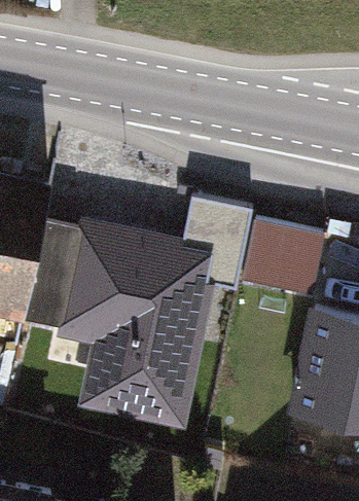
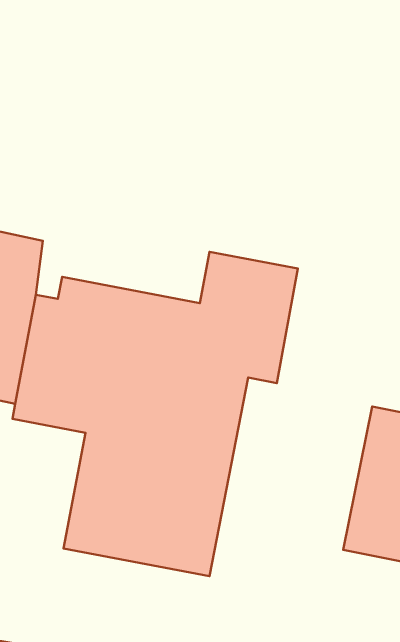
building: [250,221,322,295] -> none

